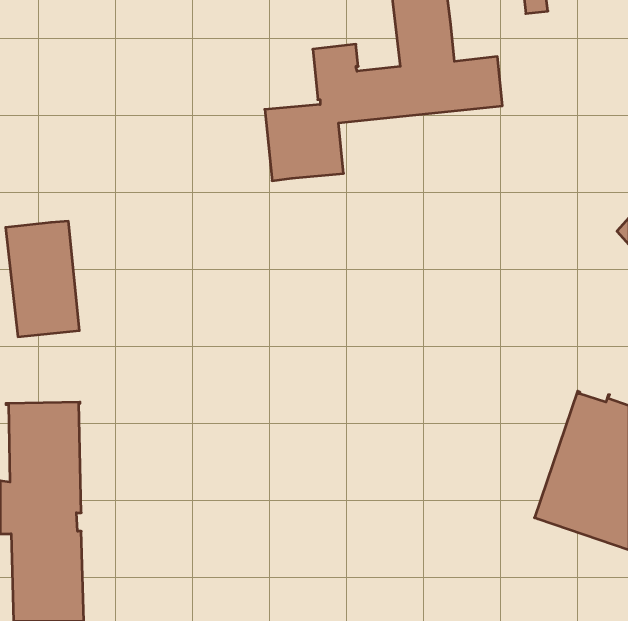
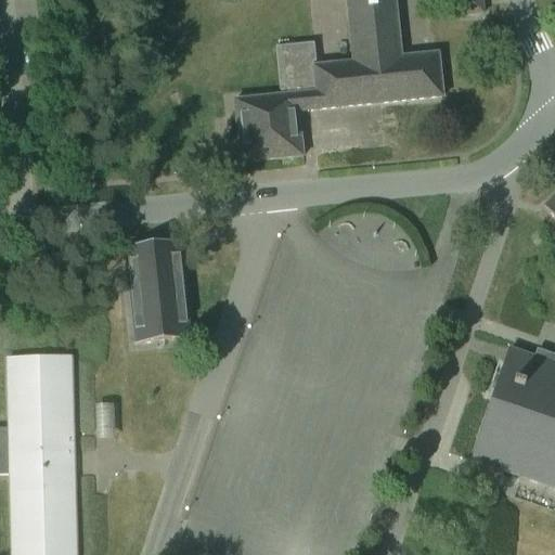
building: [6,221,79,337] -> [125,238,190,340]

